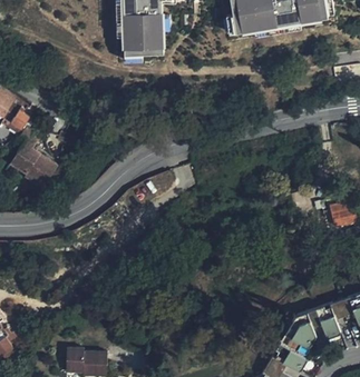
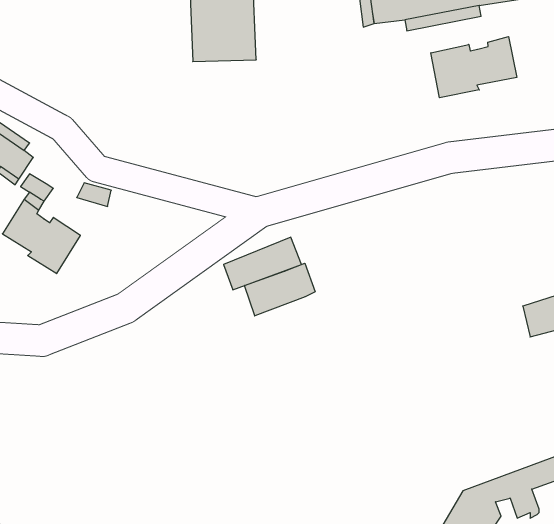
building: none -> [431,37,517,98]
building: none -> [245,263,315,316]

